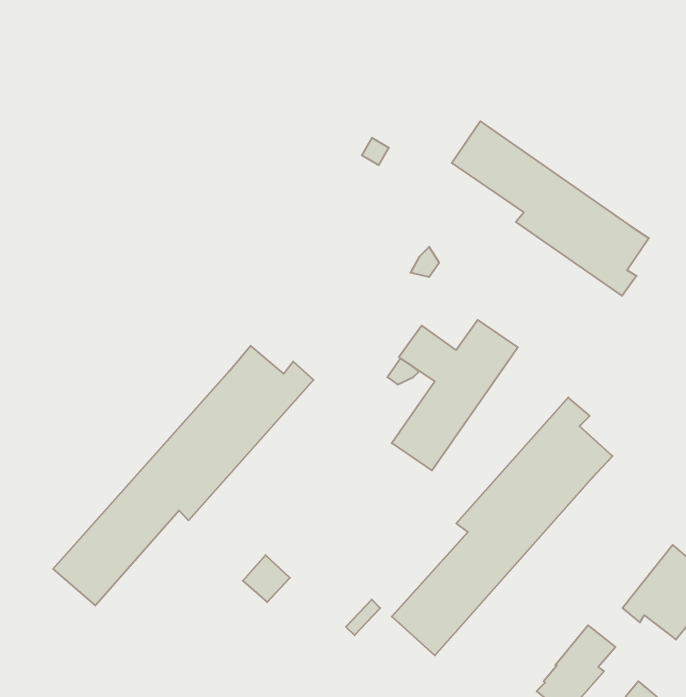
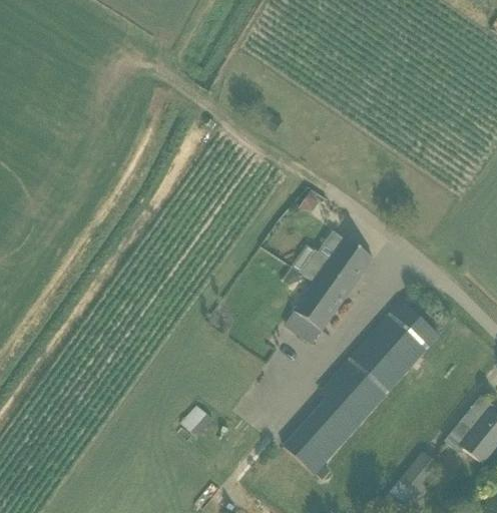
building: [452,121,649,296] -> none
building: [53,346,314,606] -> none

